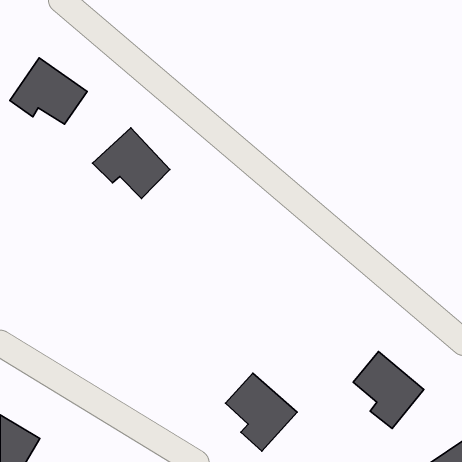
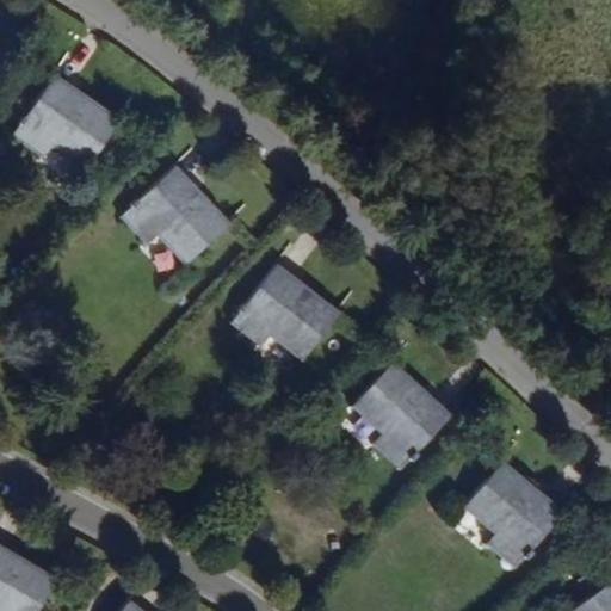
building: none -> [232,266,338,358]
building: [226,373,297,451] -> [354,365,449,468]

